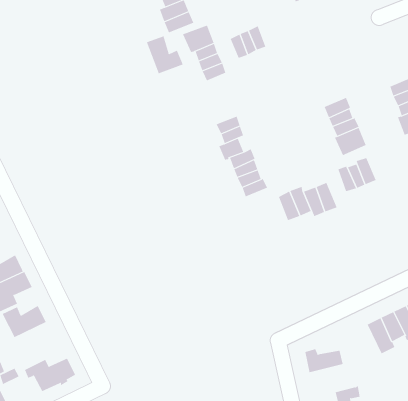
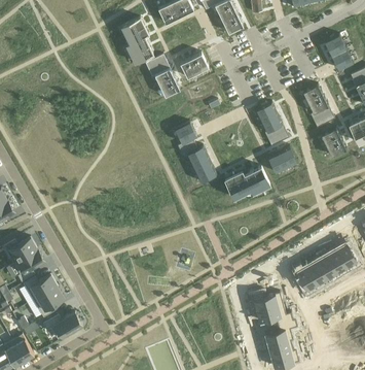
building: [146,35,183,74] -> none
building: none -> [34,287,65,317]
building: none -> [257,303,293,325]

